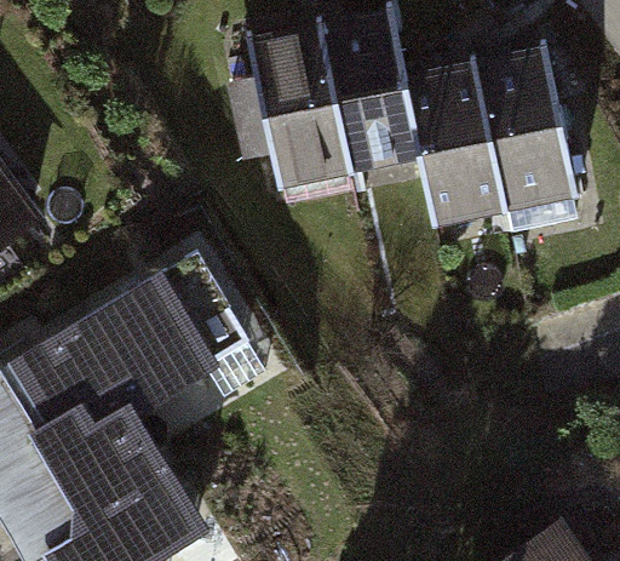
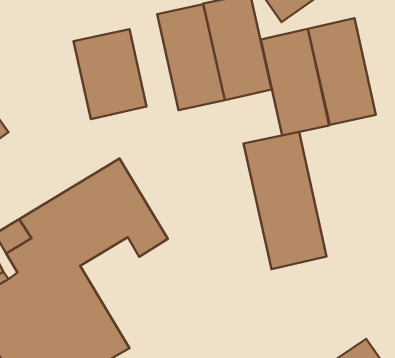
building: none -> [74,29,147,119]
building: none -> [244,132,326,269]

